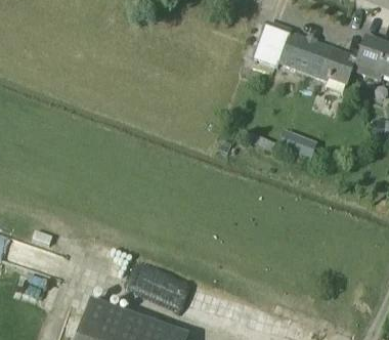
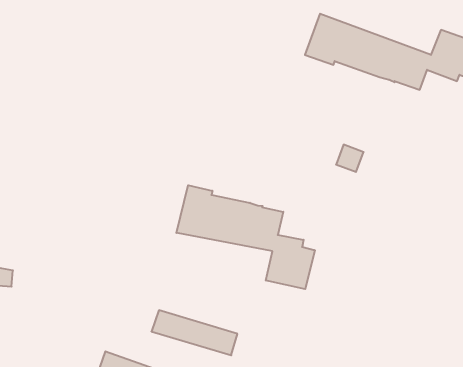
building: none -> [176,185,315,289]

